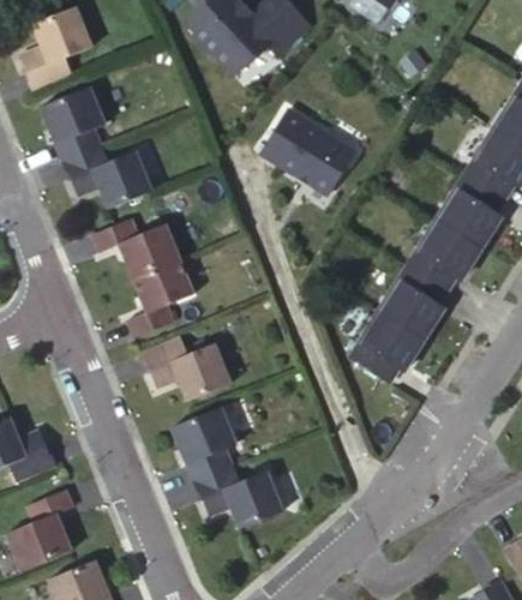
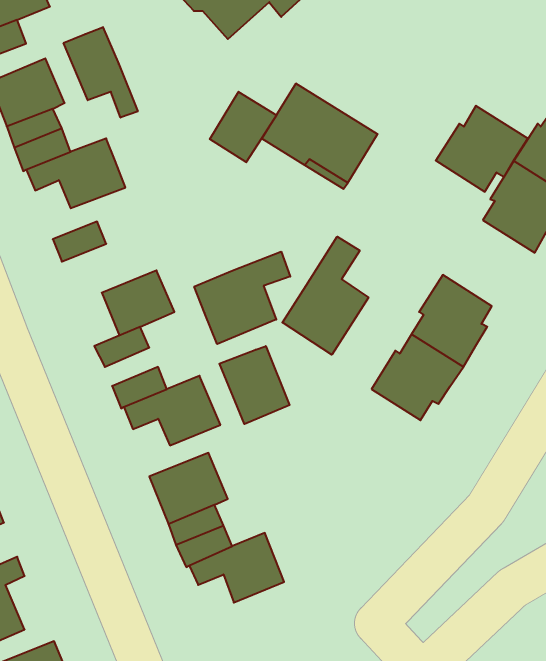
building: none -> [64,27,138,118]
building: none -> [210,92,276,162]
building: [409,218,484,288] -> [436,106,528,192]
building: [120,226,178,277] -> none
building: none -> [282,237,368,355]
building: none -> [194,252,290,344]
building: none -> [219,346,290,424]

